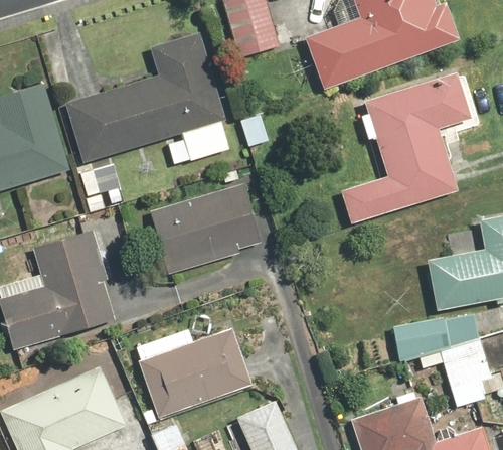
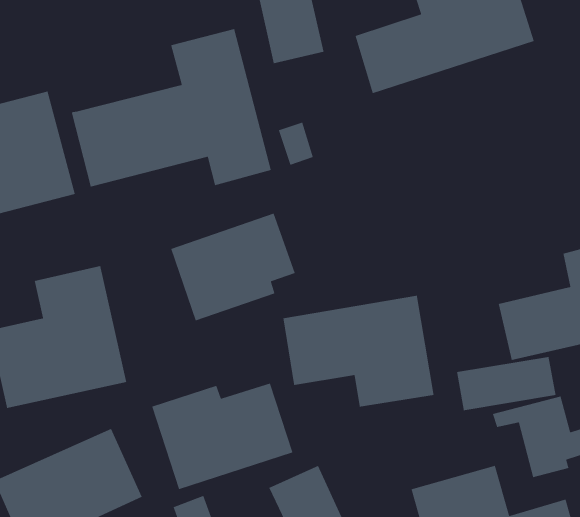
building: [341,69,481,222] -> none
building: none -> [283,295,434,408]

